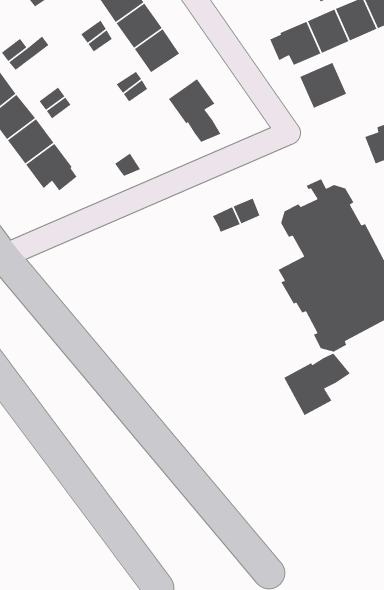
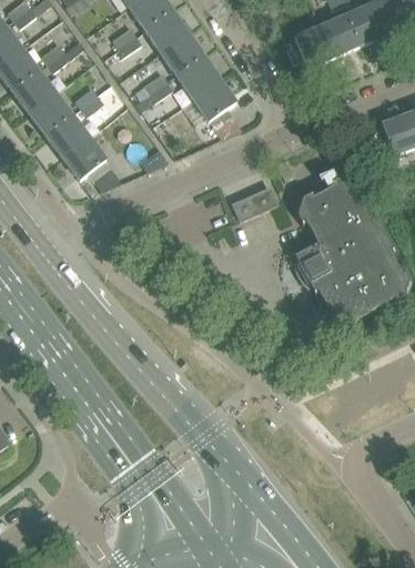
building: none -> [176,55,219,97]
building: [299,62,347,109] -> none
building: [283,352,351,416] -> none

